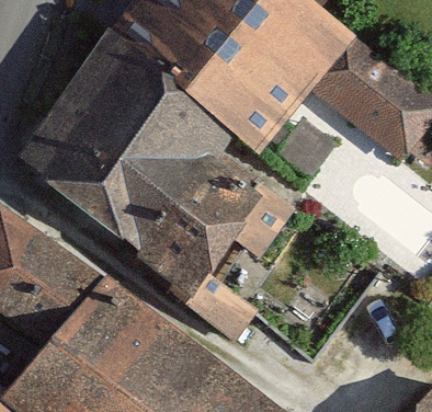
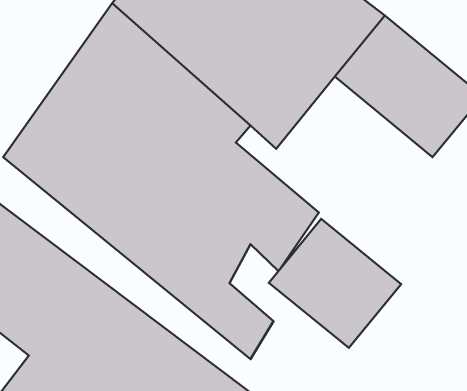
building: none -> [269,219,401,348]

